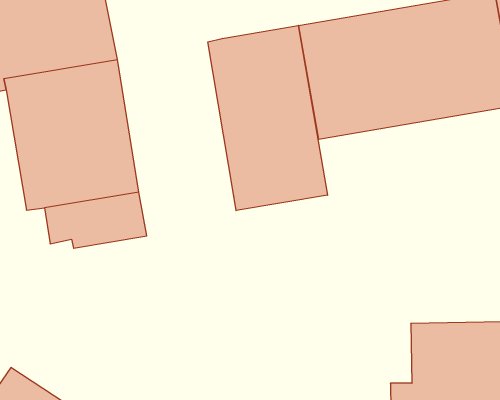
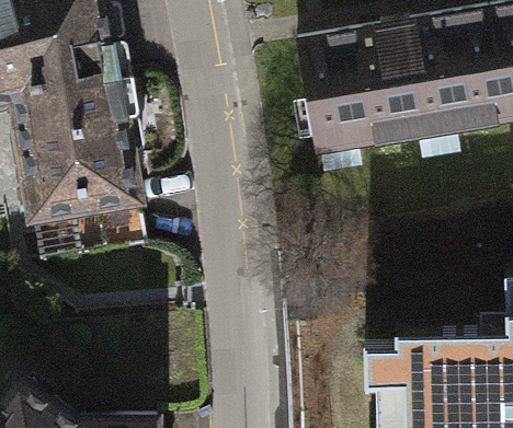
building: [208,25,328,211] -> none

